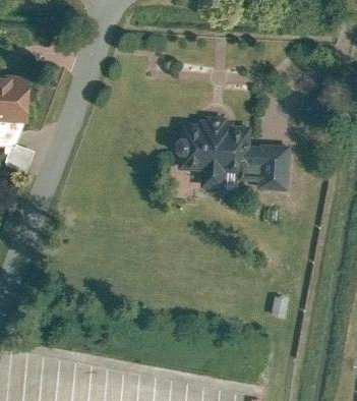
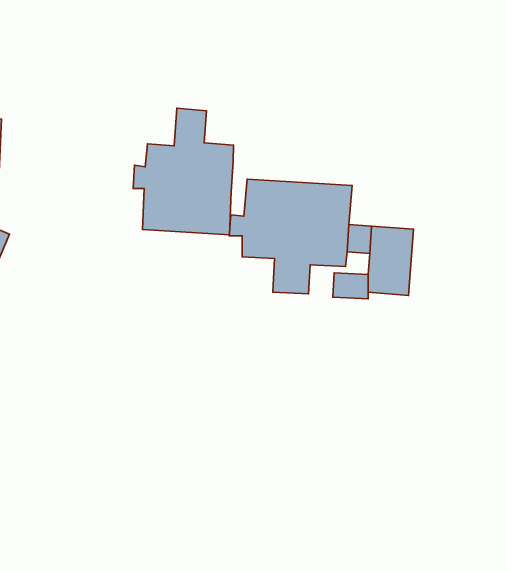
building: none -> [133,108,234,235]

